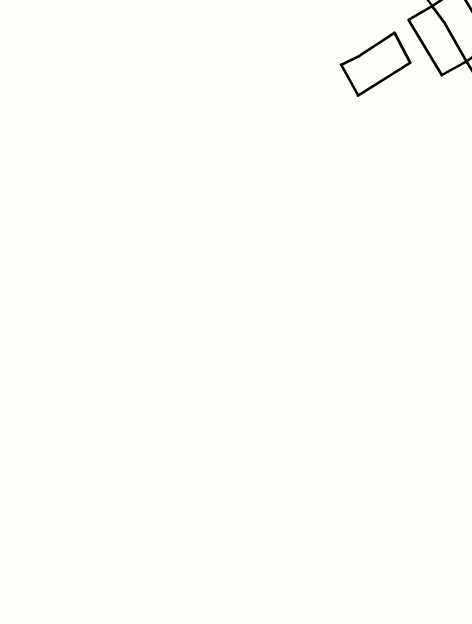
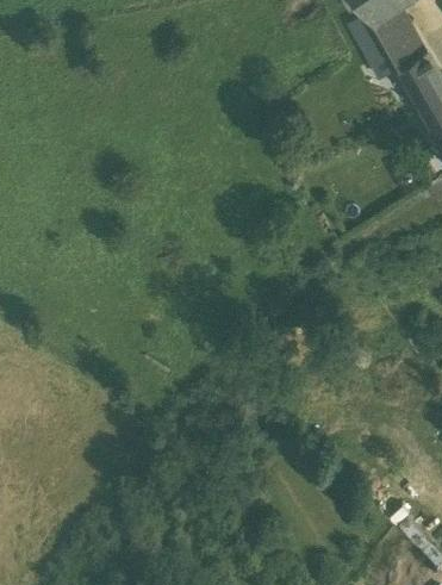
building: [341,33,410,96] -> none

